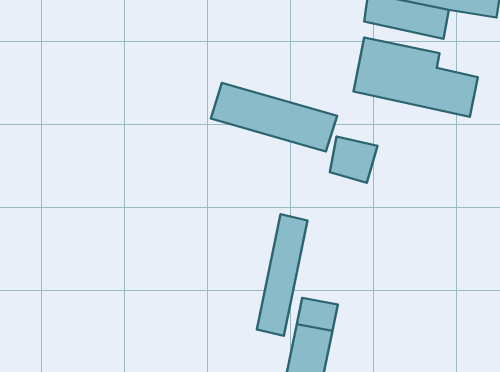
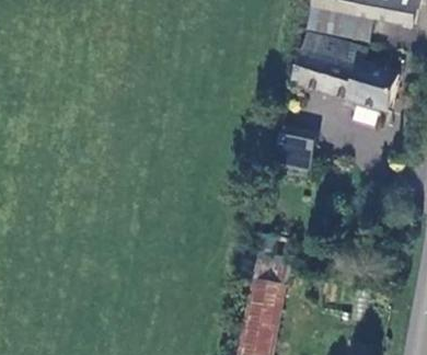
building: [211,83,337,151] -> none
building: [257,214,308,336] -> none

